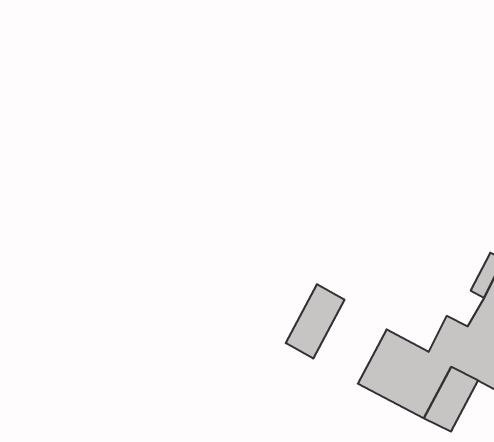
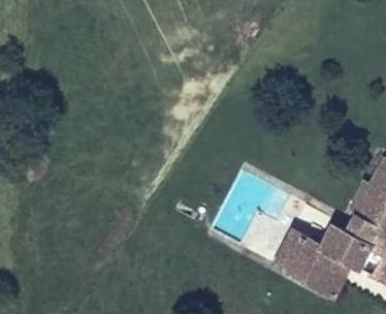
building: [286,284,344,359] -> none

